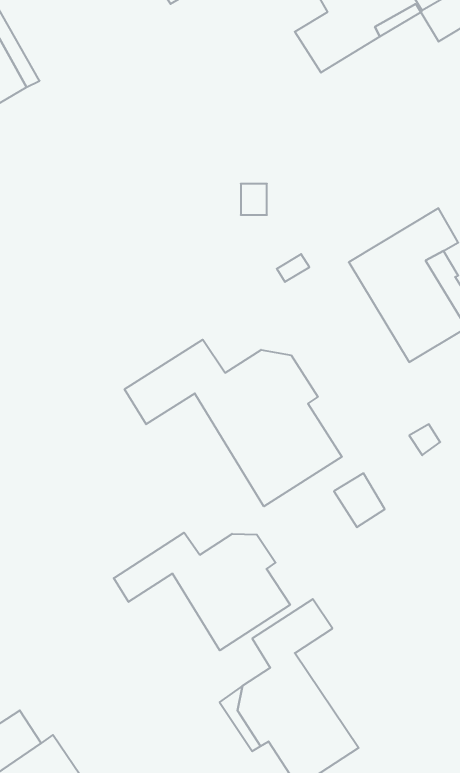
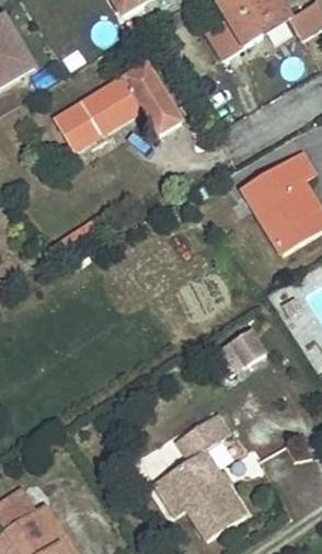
building: none -> [55,65,181,149]
building: [125,340,342,506] -> none
building: [114,533,290,650] -> none

